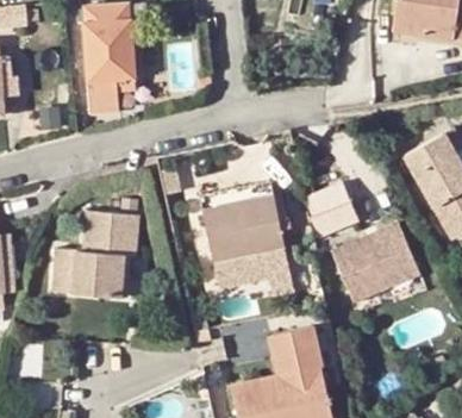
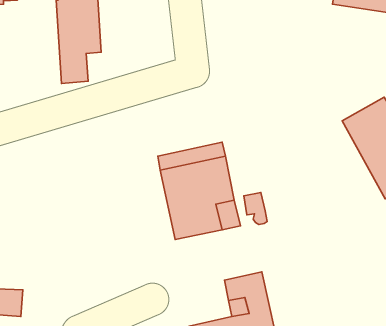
building: [304,183,360,236] -> none
building: [51,210,136,294] -> none
building: [339,220,424,298] -> none

